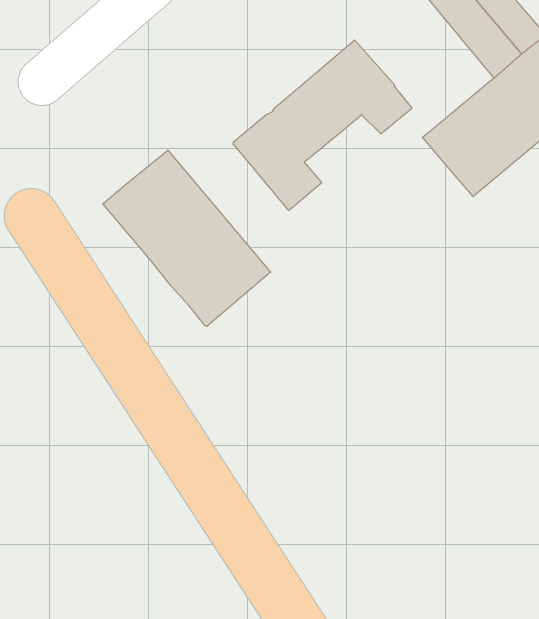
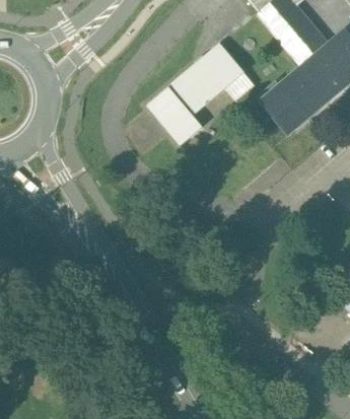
building: [103,150,271,326] -> none

